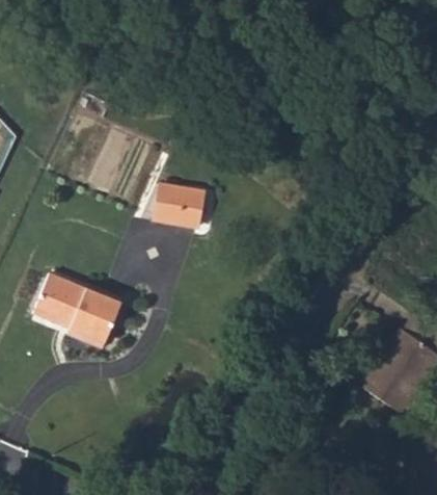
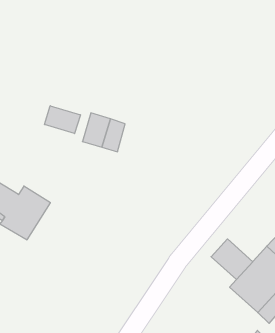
building: none -> [45,106,80,134]
building: none -> [211,239,253,280]

